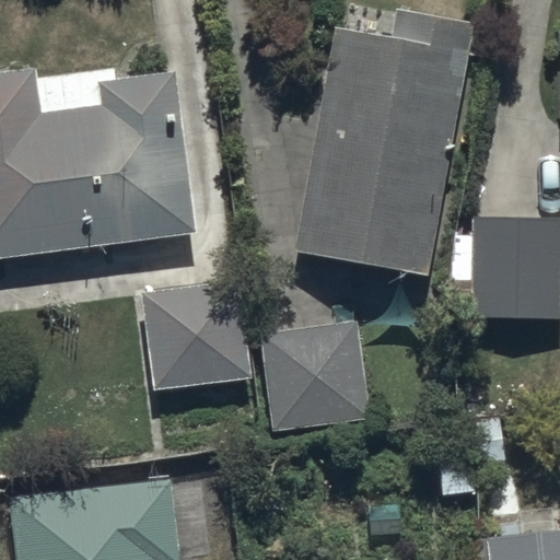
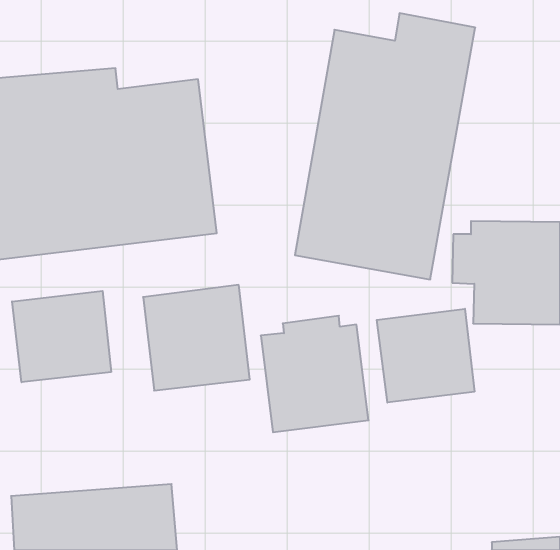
building: none -> [12,291,111,382]
building: none -> [377,309,474,403]

